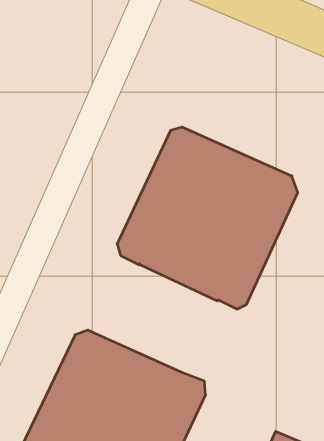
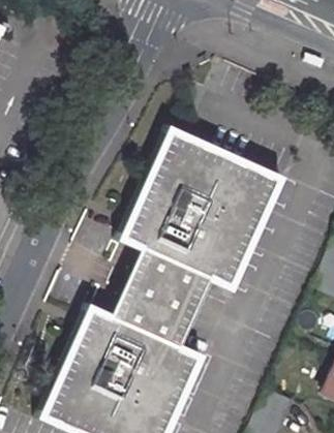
building: none -> [113,248,212,344]

